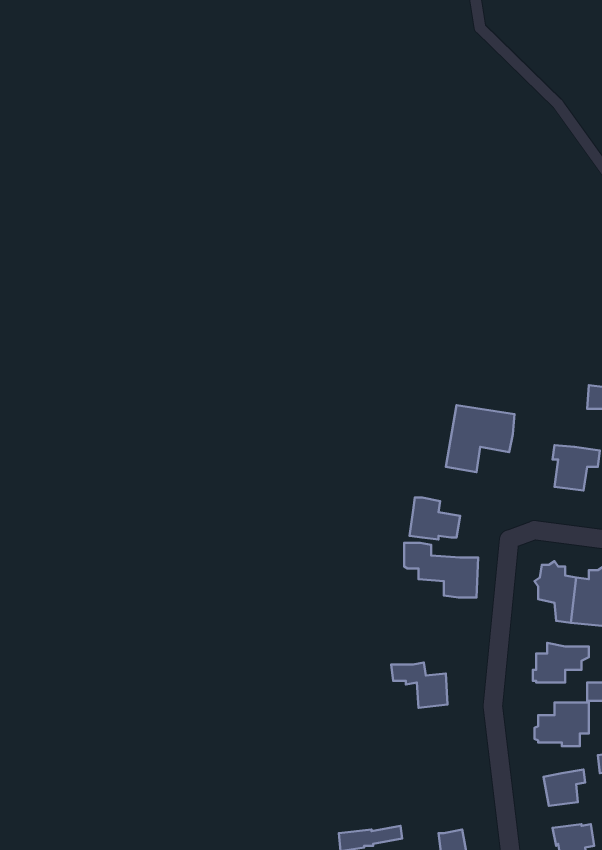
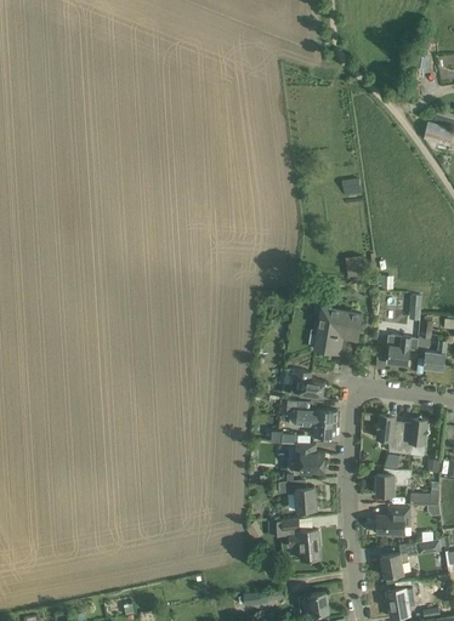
building: none -> [285,441,323,474]
building: none -> [274,519,317,560]

